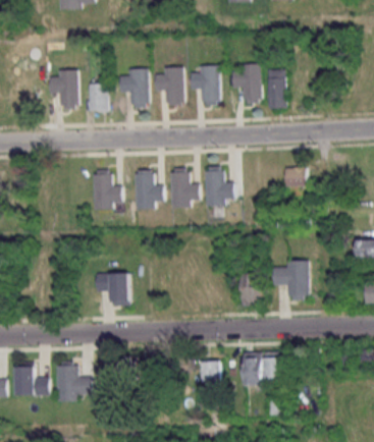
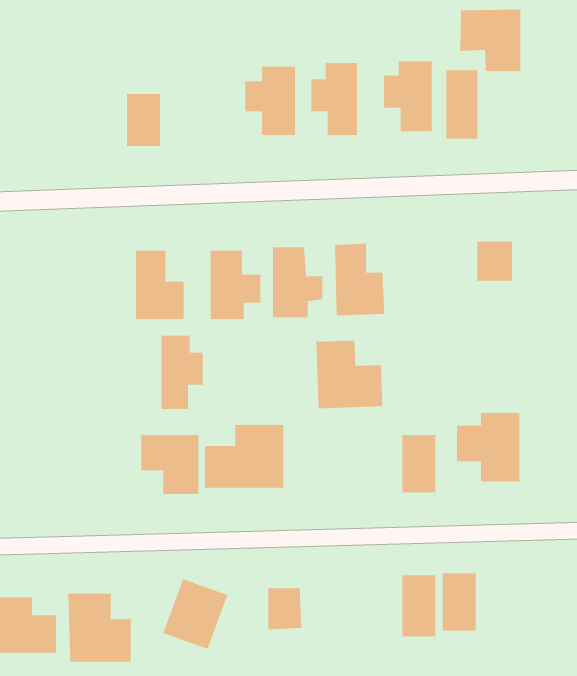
building: none -> [460,9,521,72]
building: [50,69,77,110] -> none
building: [120,69,149,107] -> none
building: none -> [161,335,203,410]
building: none -> [316,340,383,409]
building: none -> [204,424,284,489]
building: [202,360,221,383] -> [268,588,302,630]

